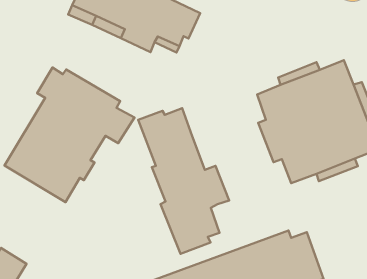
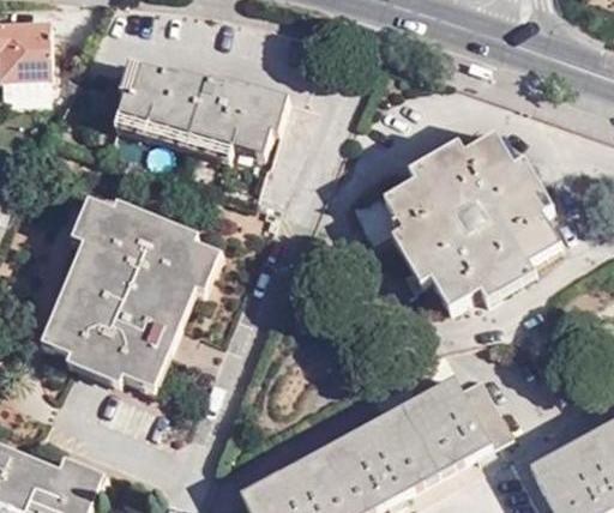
building: [138,108,229,254] -> none

